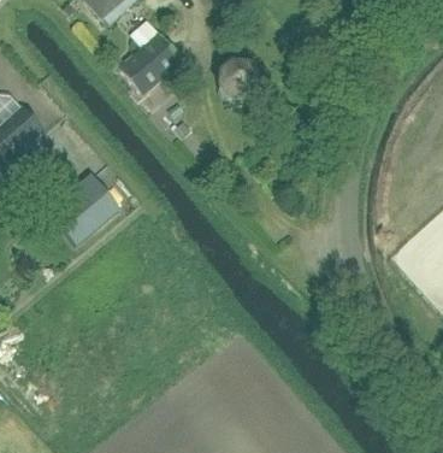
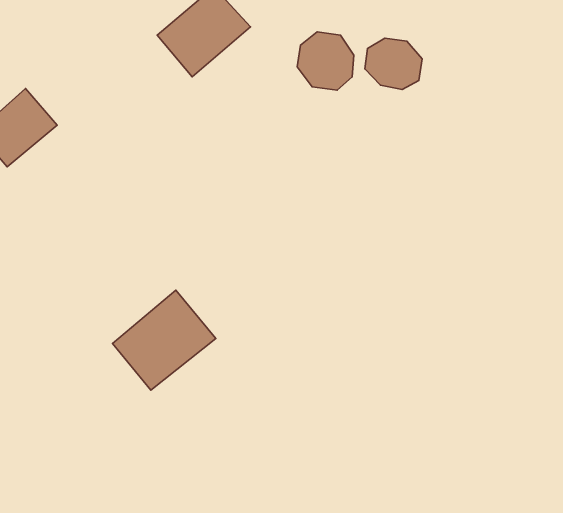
building: none -> [365,38,422,90]
building: [47,172,122,245] -> [112,290,216,390]

